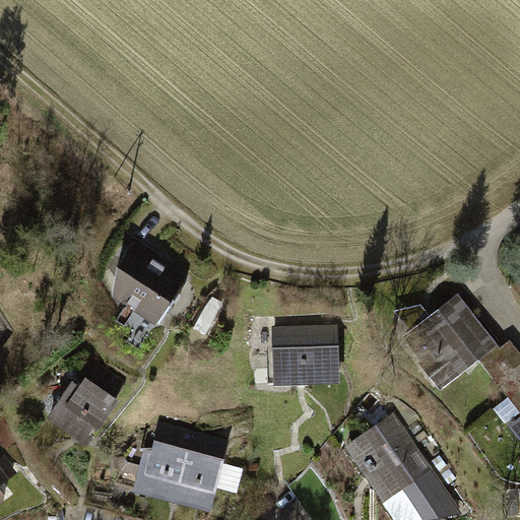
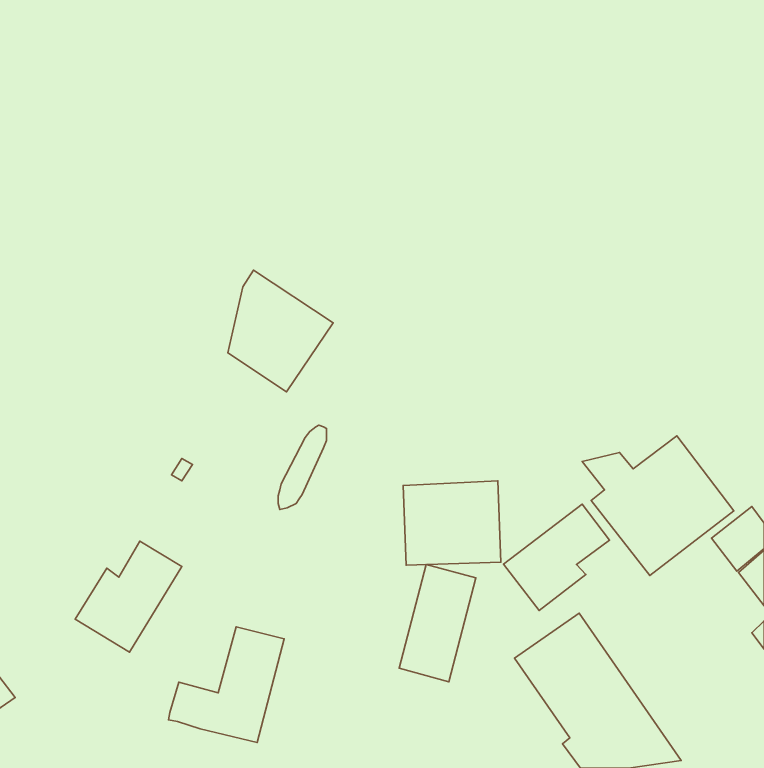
building: [117,244,188,326] -> [228,270,333,392]
building: none -> [504,504,609,611]
building: [175,432,226,511] -> [399,564,476,682]

